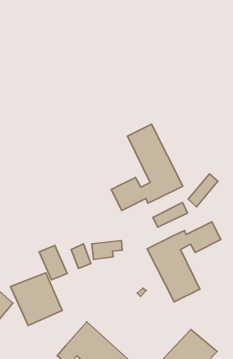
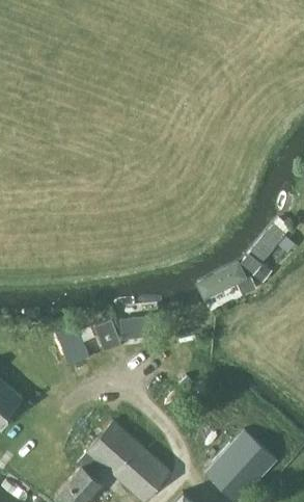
building: [111,124,183,211] -> none
building: [147,222,221,302] -> none
building: [11,273,62,325] -> none

